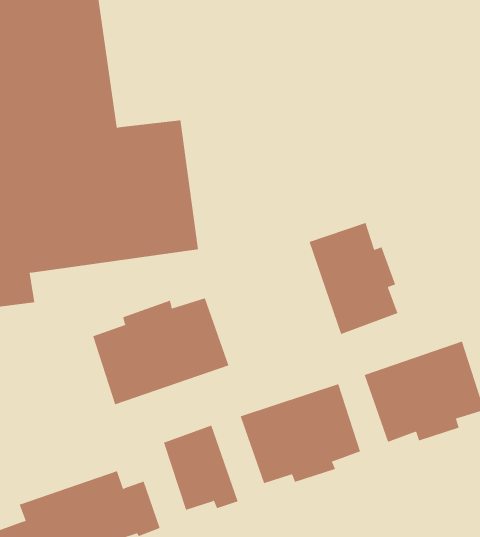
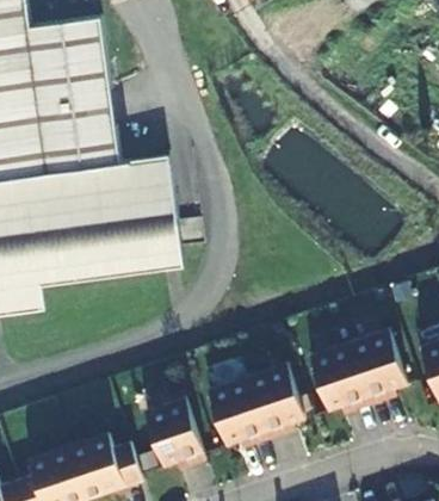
building: [309,222,398,335] -> none
building: [93,297,229,405] -> none

